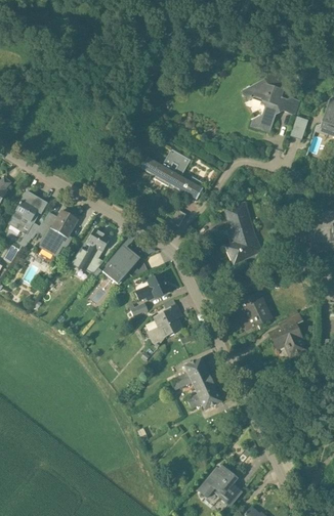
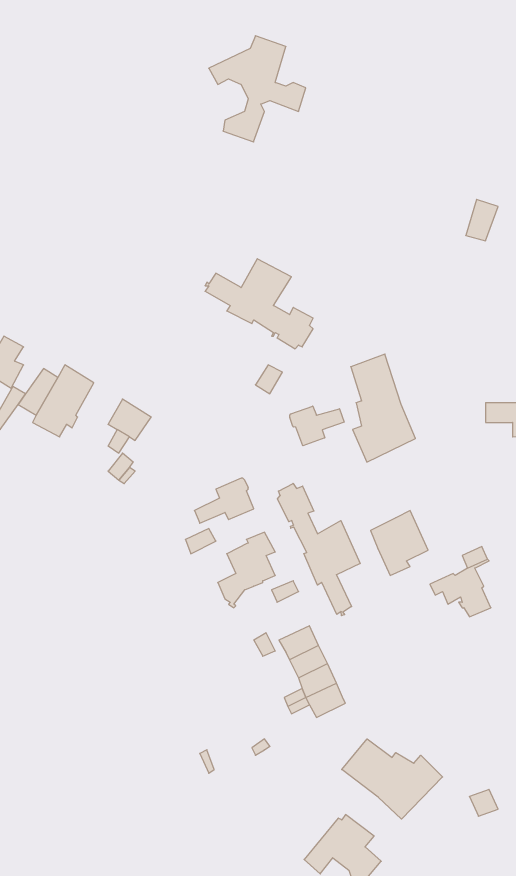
building: [243,71,298,131] -> [209,36,306,142]
building: none -> [290,406,344,446]
building: [102,246,148,283] -> none
building: none -> [277,483,360,616]
building: none -> [342,739,443,819]

